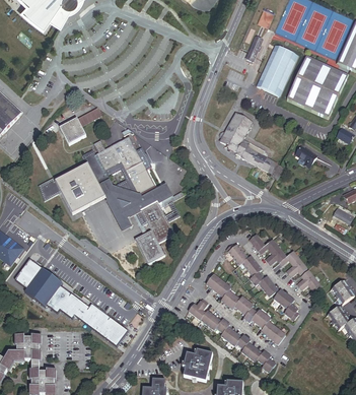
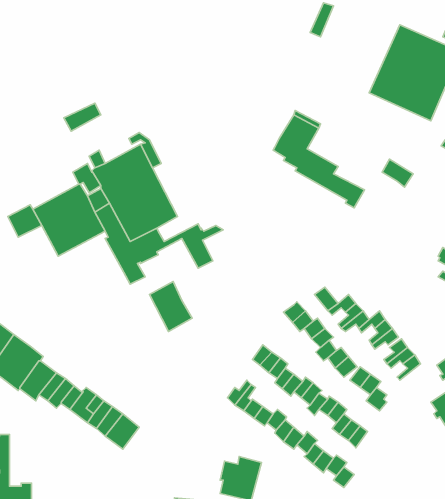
building: [256,44,296,95] -> none
building: [59,117,85,143] -> none
building: [140,200,174,243] -> none

